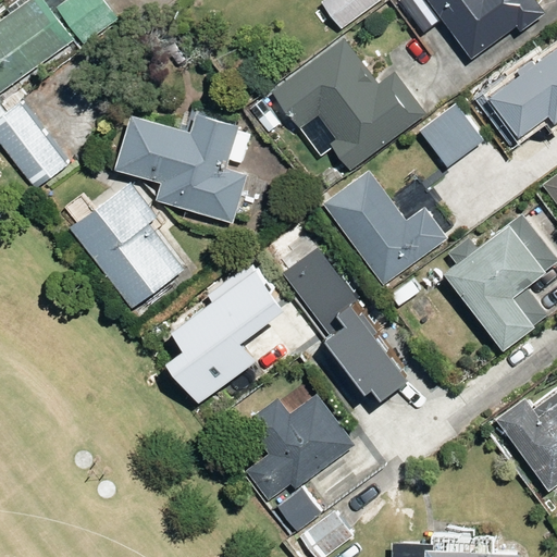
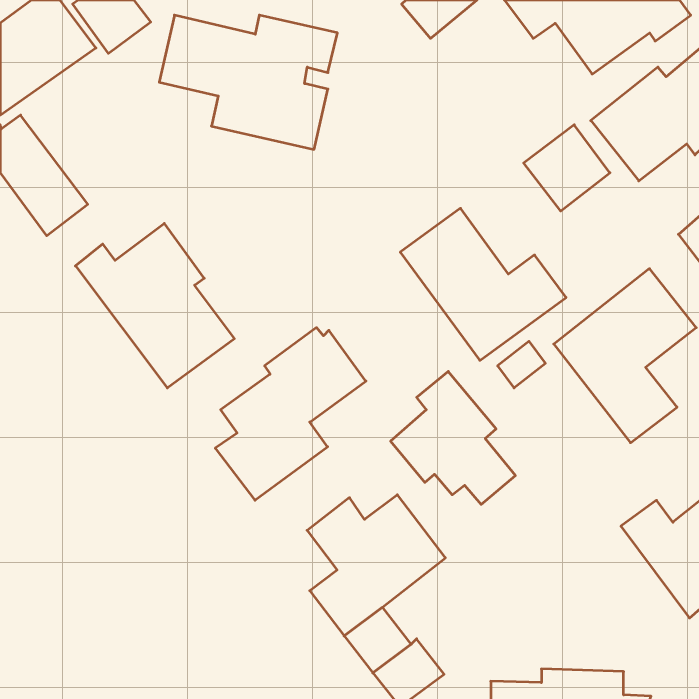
building: [268,36,426,170] -> none
building: [113,117,255,224] -> [159,15,337,149]
building: [276,247,357,329] -> none

